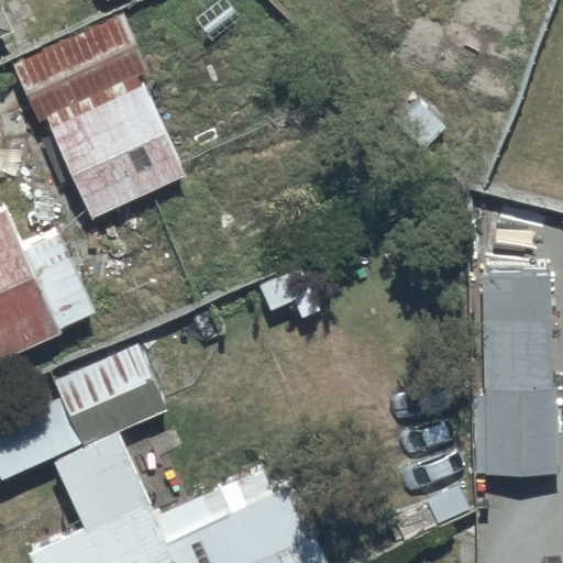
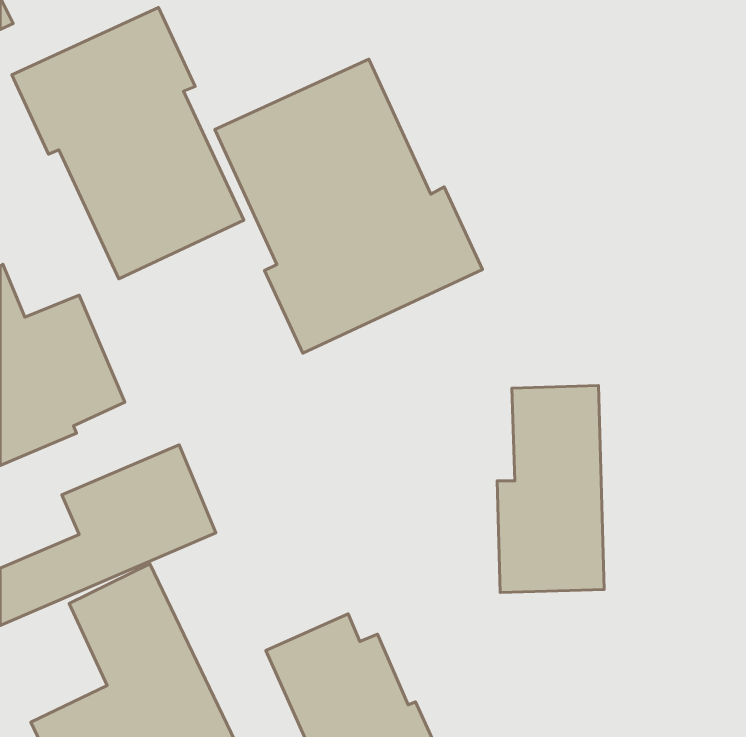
building: none -> [215,59,483,353]
building: [472,321,552,476] -> [497,385,604,592]

